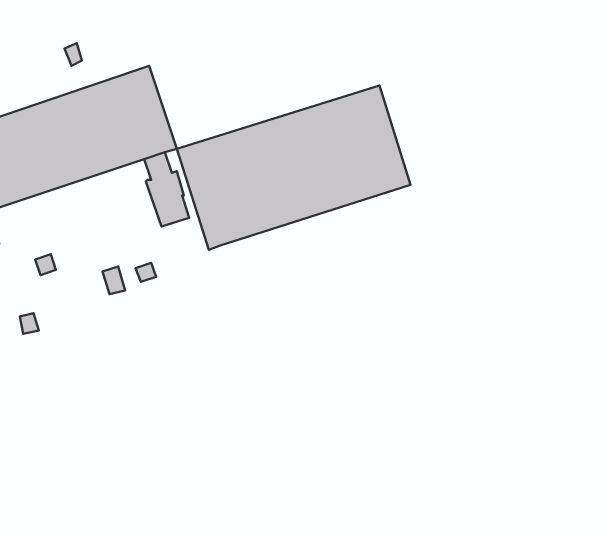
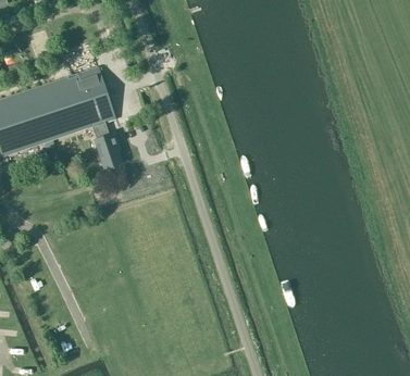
building: [177,85,410,250] -> none

